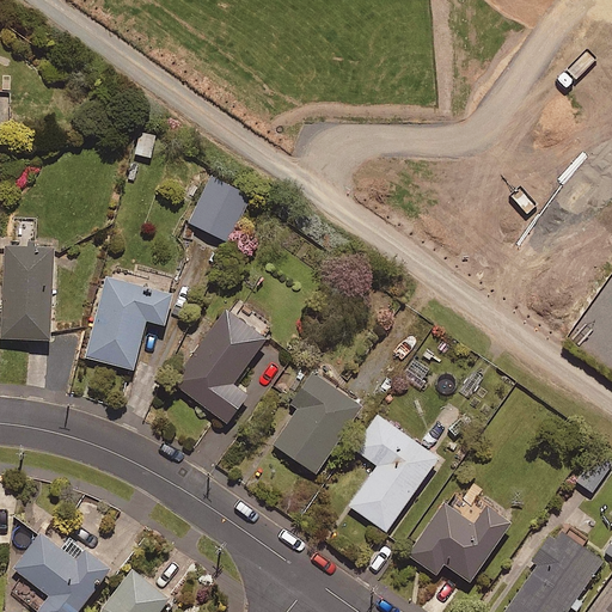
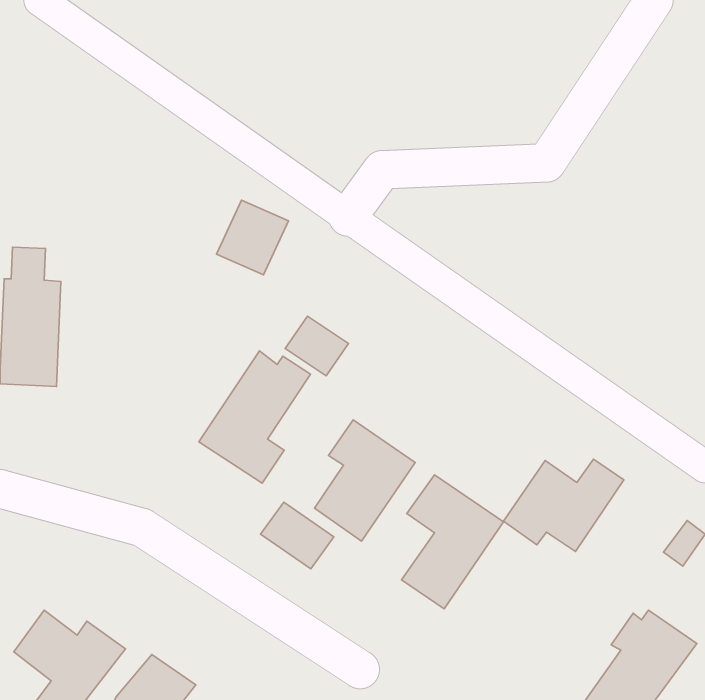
building: [84,274,171,371] -> none
building: none -> [285,316,349,376]
building: none -> [261,502,334,569]
building: [406,502,510,582] -> [504,459,624,552]

